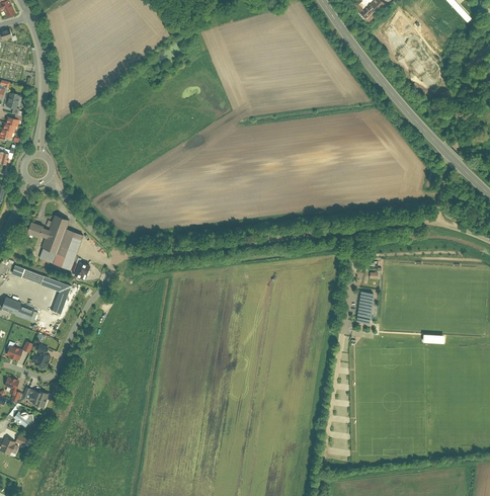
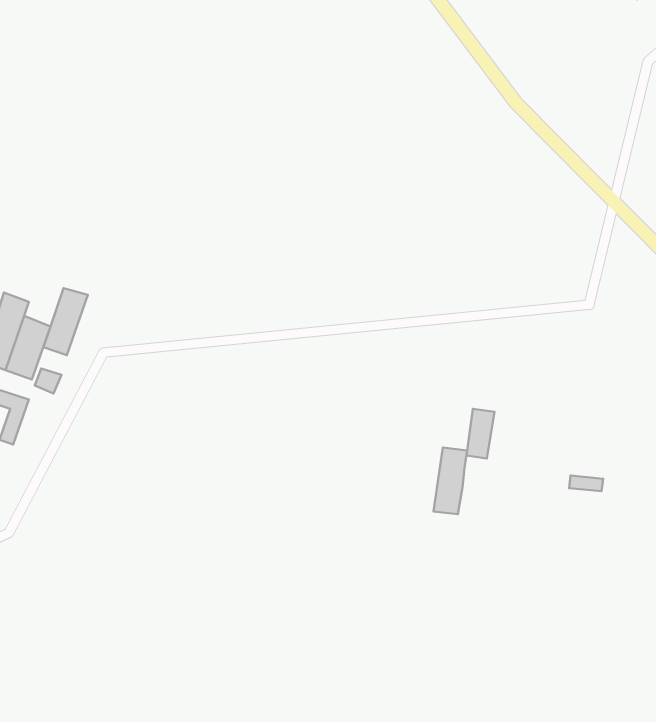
building: none -> [43,288,88,355]
building: none -> [433,448,467,514]

